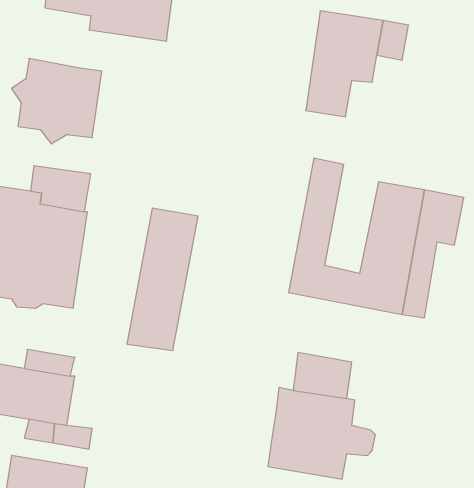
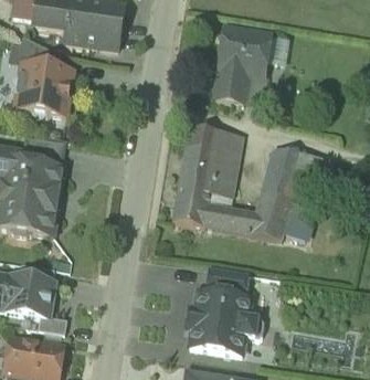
building: none -> [18,36,60,67]
building: [127,208,198,350] -> [171,125,221,224]

